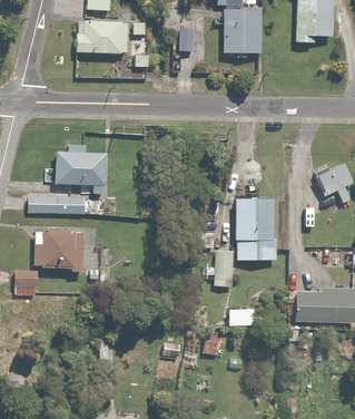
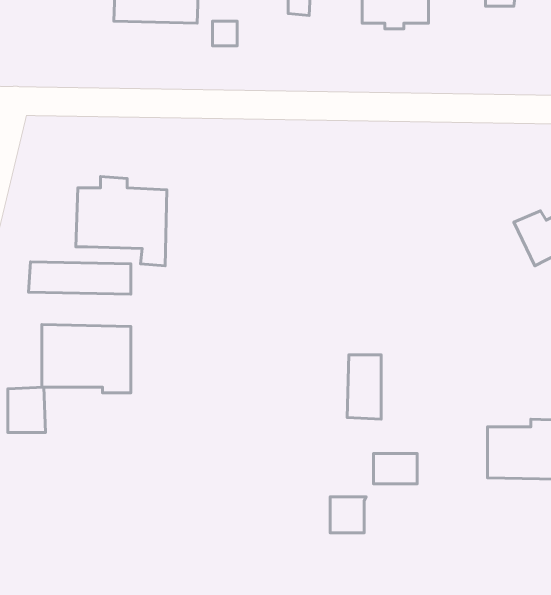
building: [234,196,278,261] -> none

